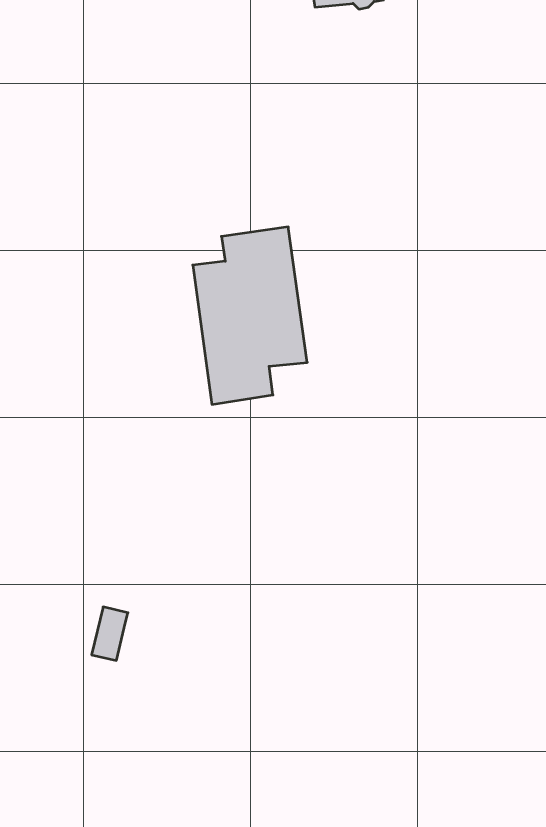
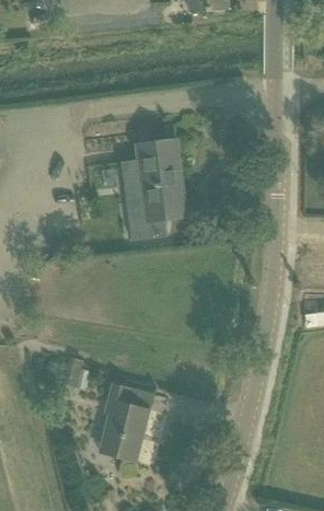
building: none -> [99,382,149,460]

